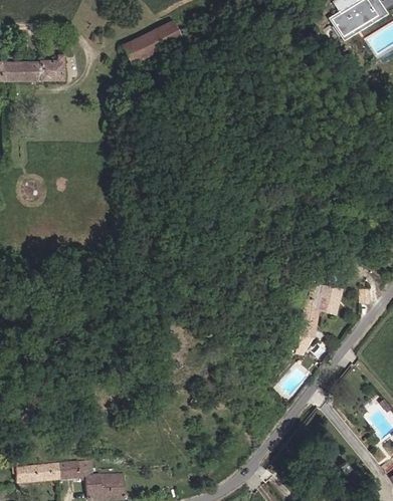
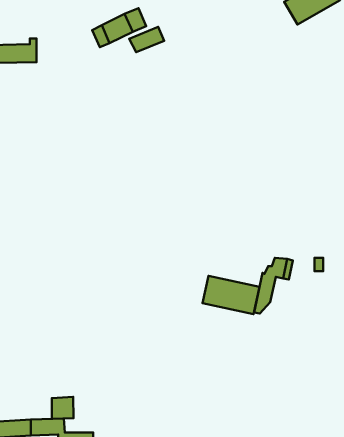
building: none -> [129,27,164,52]
building: none -> [203,276,260,314]
building: none -> [52,397,74,419]

